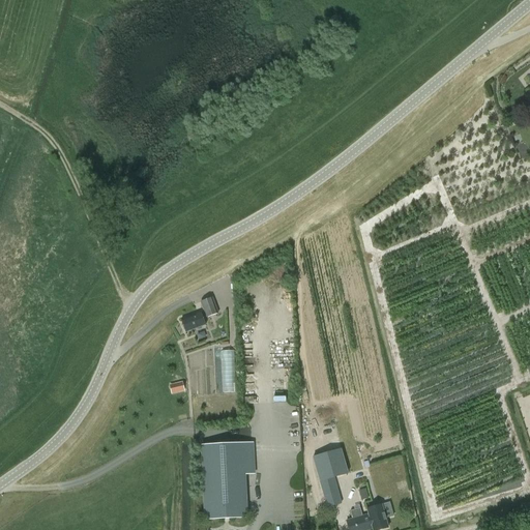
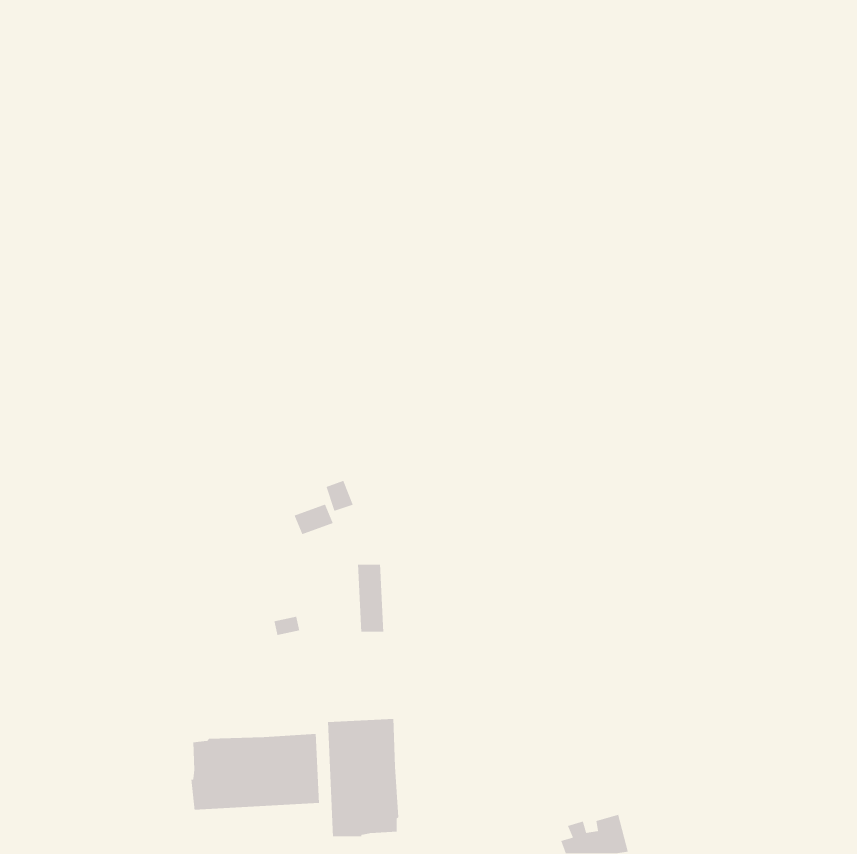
building: [313,446,348,505] -> none
building: none -> [191,733,320,811]

